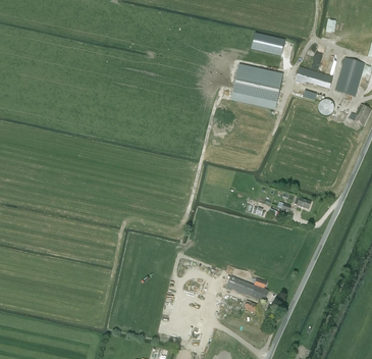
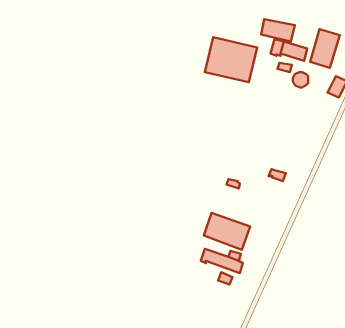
building: [251,33,284,55] -> [261,19,295,42]
building: none -> [204,213,250,250]

